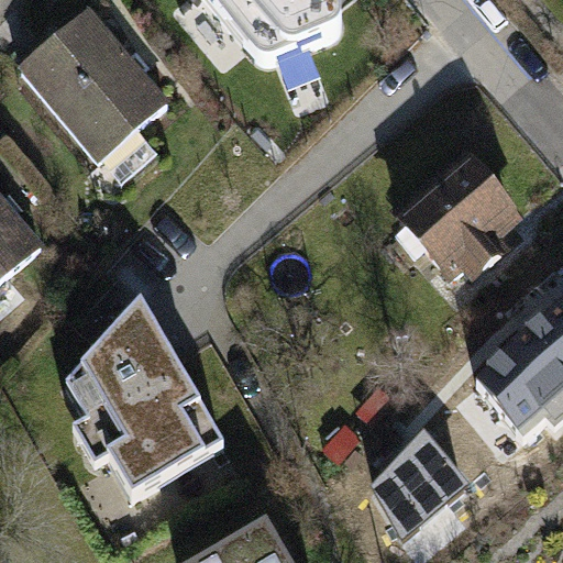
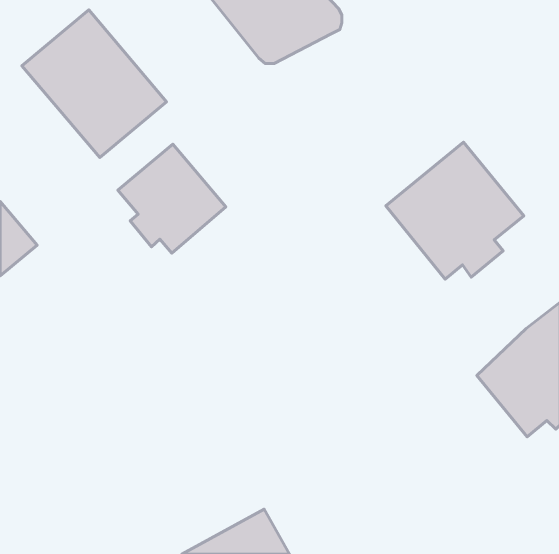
building: none -> [118,144,226,253]
building: [73,307,225,498] -> none
building: [374,427,468,538] -> none

